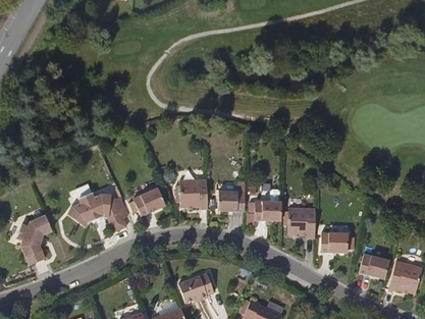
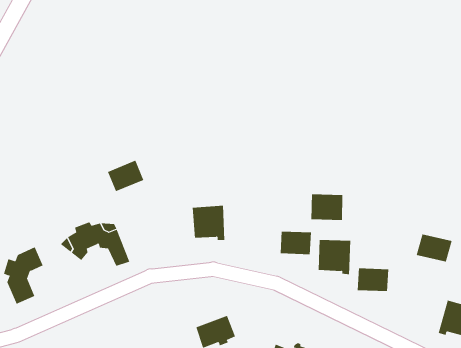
building: none -> [311,193,343,221]
building: [131,188,163,215] -> [107,160,144,192]
building: [216,192,244,212] -> none
building: [358,254,389,278] -> [416,234,453,262]

